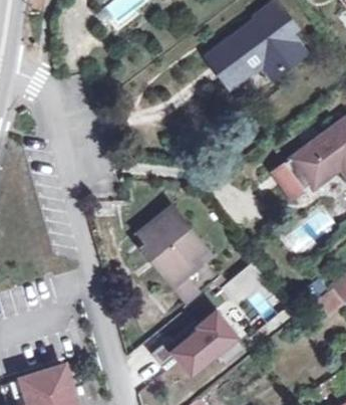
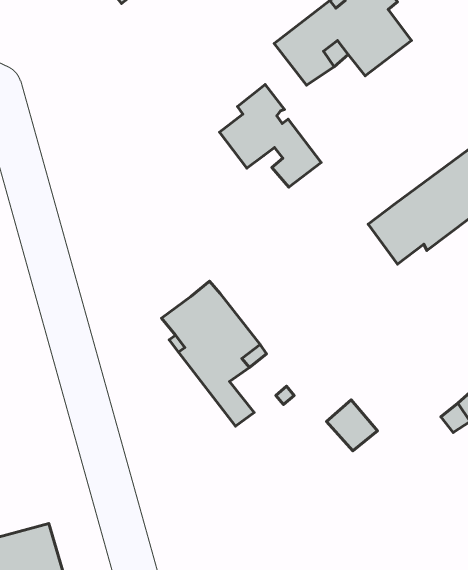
building: none -> [219,85,321,187]
building: [150,311,236,375] -> none

